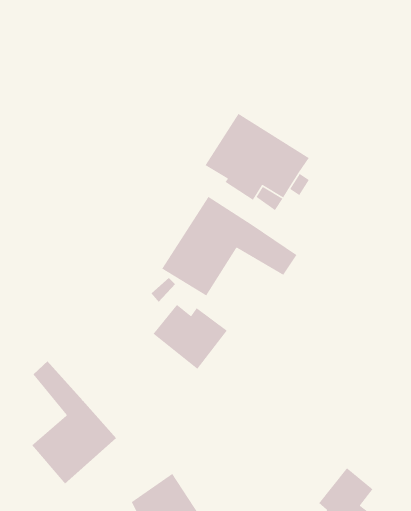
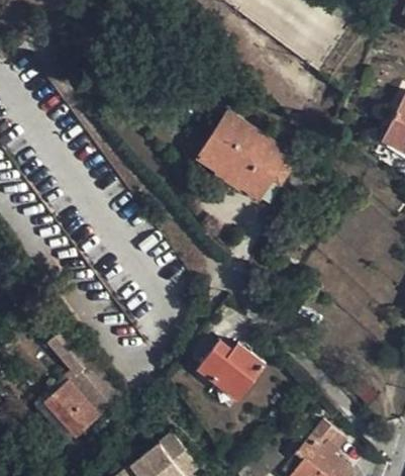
building: [161,196,298,297] -> none
building: [153,304,228,370] -> [198,342,264,399]

